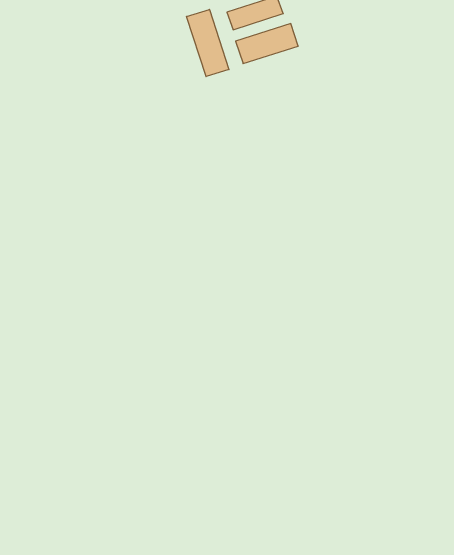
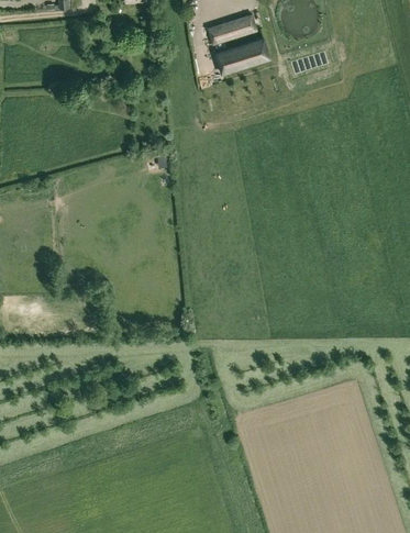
building: [187,9,229,77] -> none

